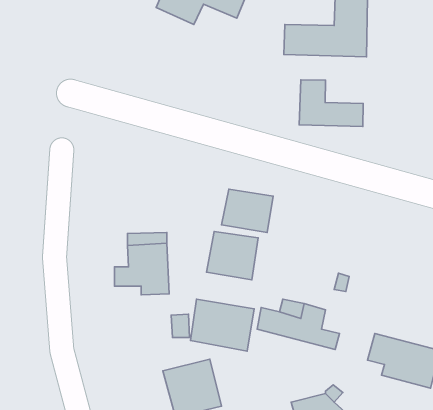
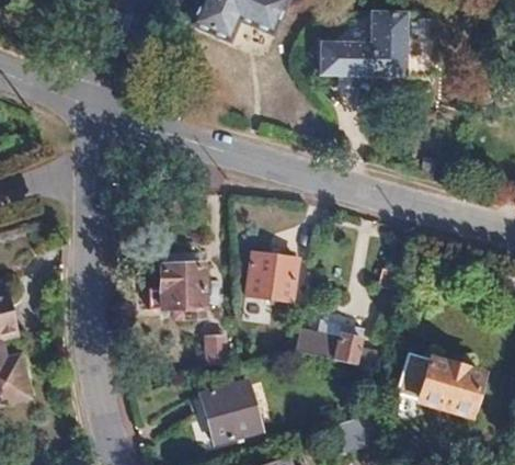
building: [299,80,363,127] -> none
building: [222,189,273,232] -> none
building: [191,299,254,351] -> none

